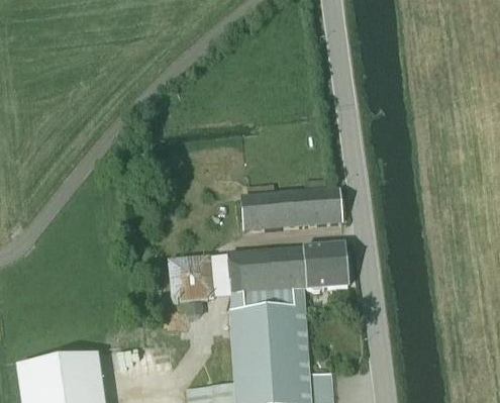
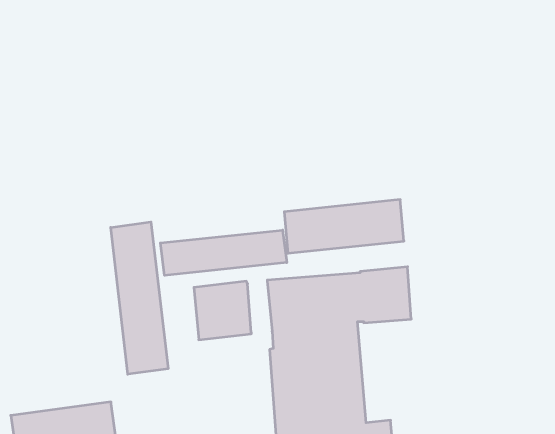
building: none -> [111,222,168,374]
building: none -> [160,230,287,275]

